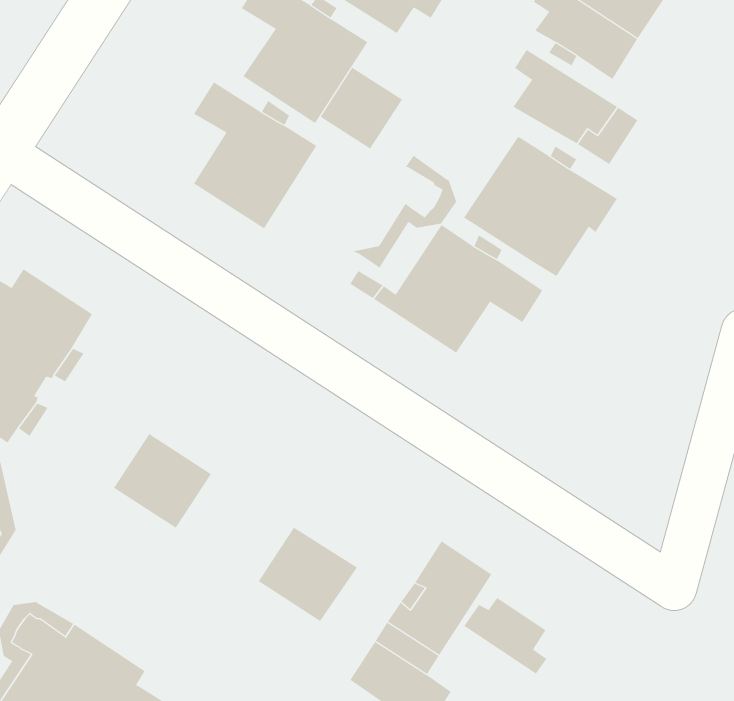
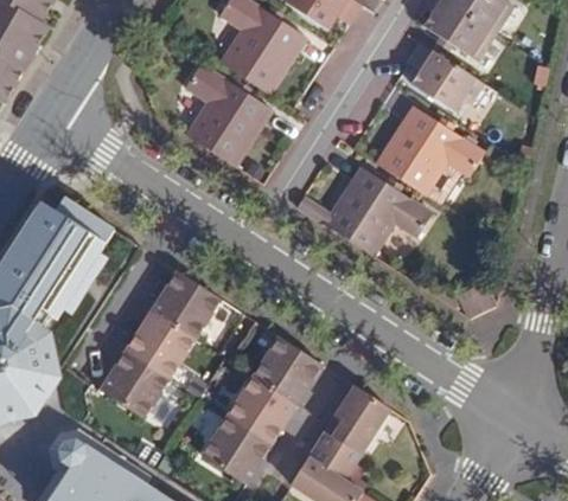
building: [320,67,403,150] -> none
building: [351,155,457,269] -> none
building: none -> [153,269,223,339]
building: none -> [254,335,324,404]
building: none -> [102,348,172,417]
building: none -> [202,413,273,484]
building: [464,597,547,675] -> none

